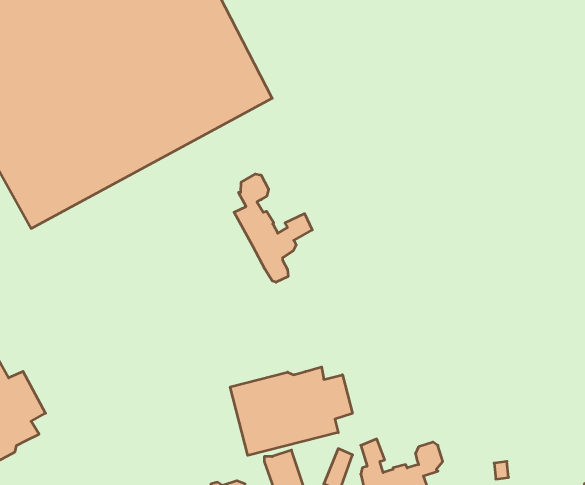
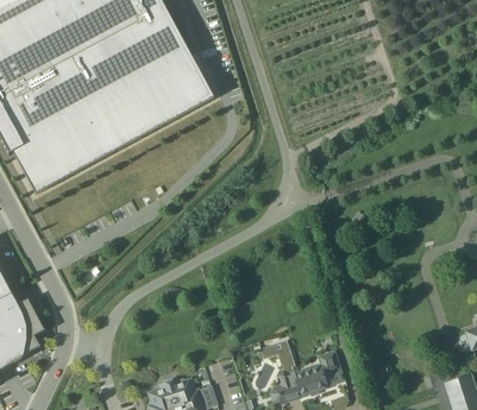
building: [234,174,312,282] -> none
building: [230,367,352,455] -> none

